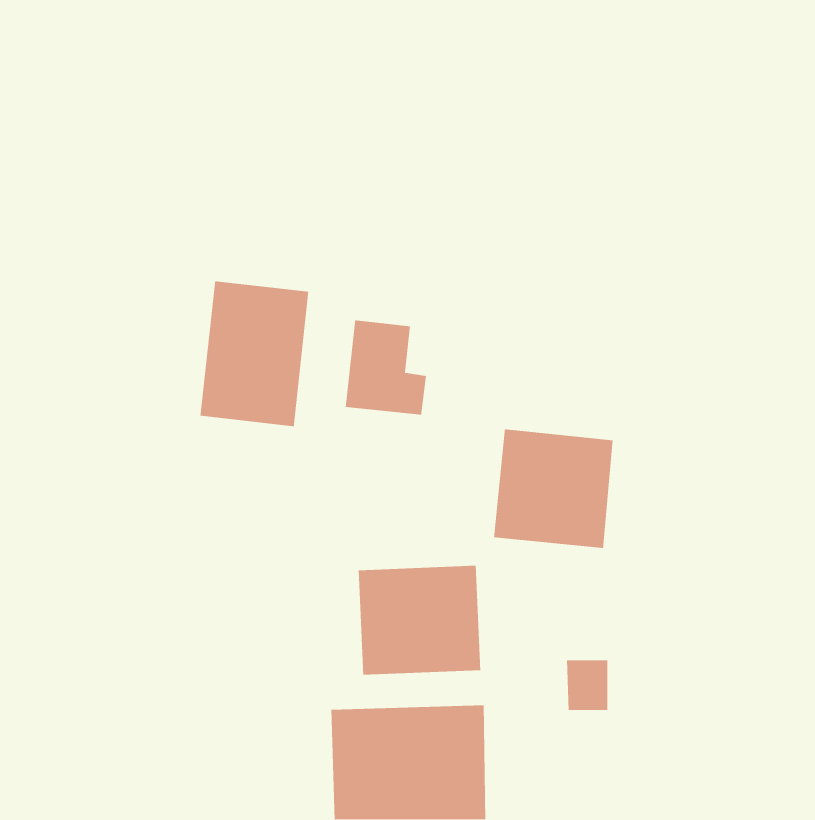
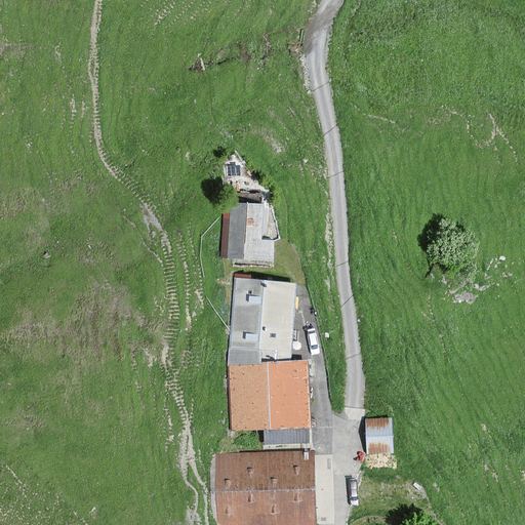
building: [200,280,309,427] -> none
building: [493,429,613,549] -> [230,281,307,358]

